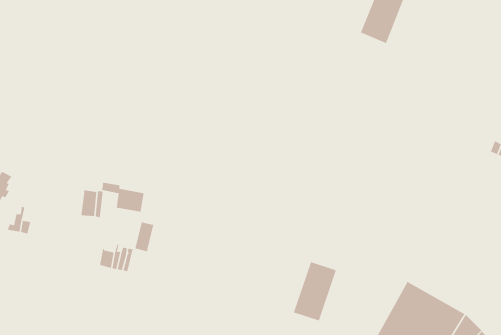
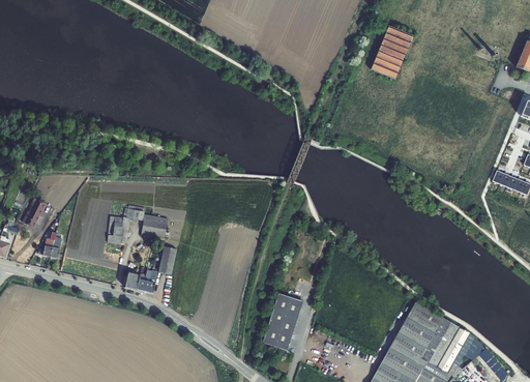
building: [293,261,337,322] -> [260,289,301,346]

